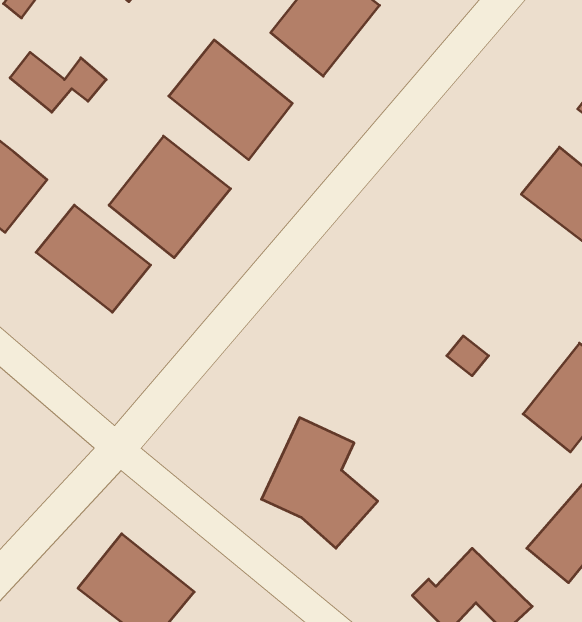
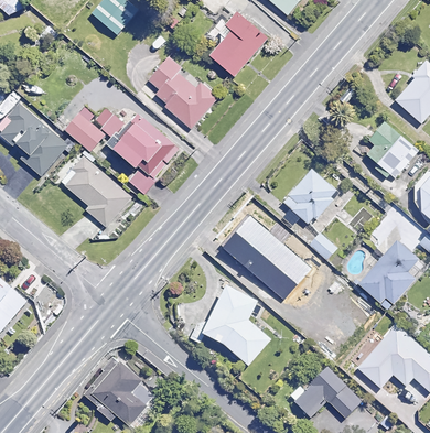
building: [10,52,106,112] -> [68,110,127,147]
building: none -> [279,169,333,223]
building: none -> [224,216,311,297]

